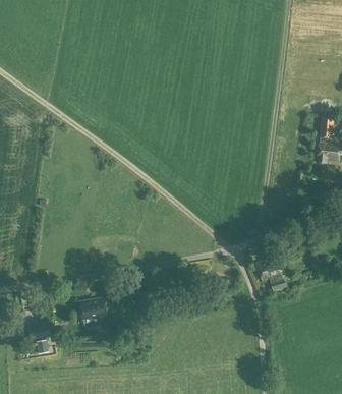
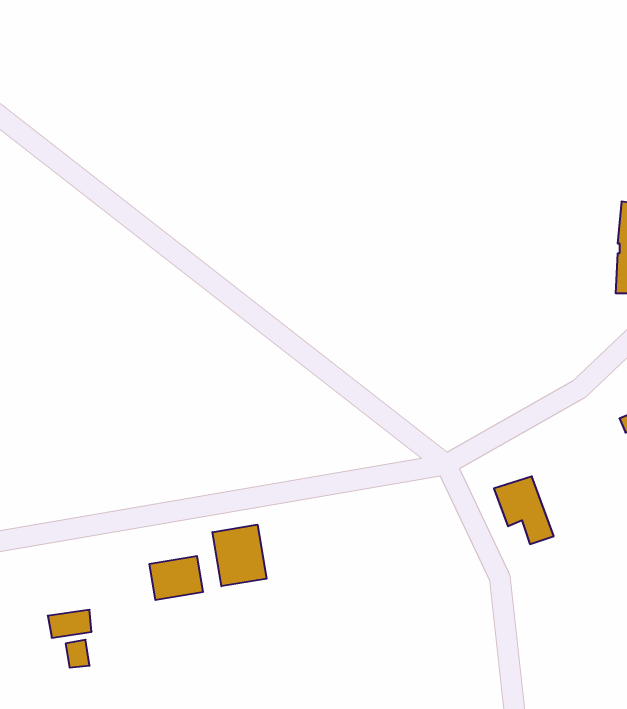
building: none -> [212,525,267,586]

